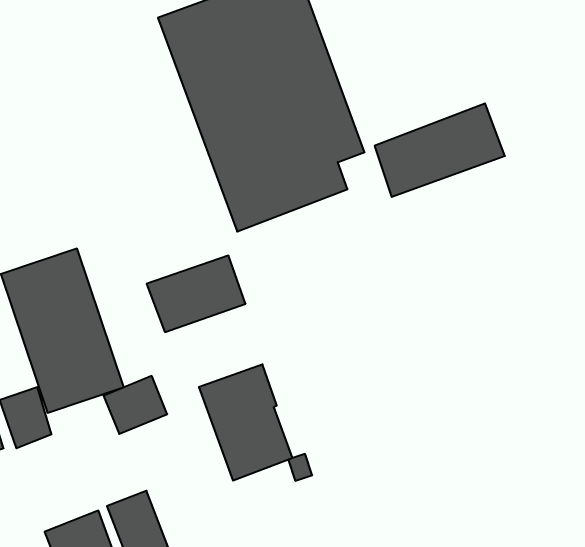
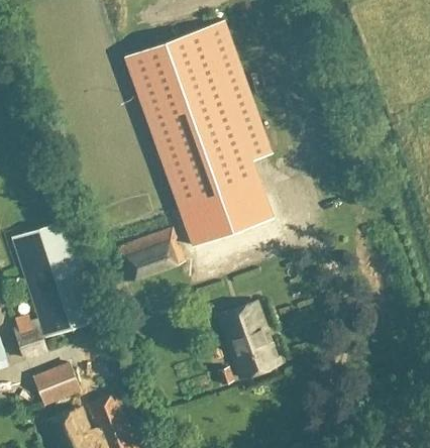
building: [375,103,505,197] -> [180,179,273,245]
building: [199,364,292,481] -> [214,299,281,381]
building: [104,376,167,434] -> [33,363,79,405]

